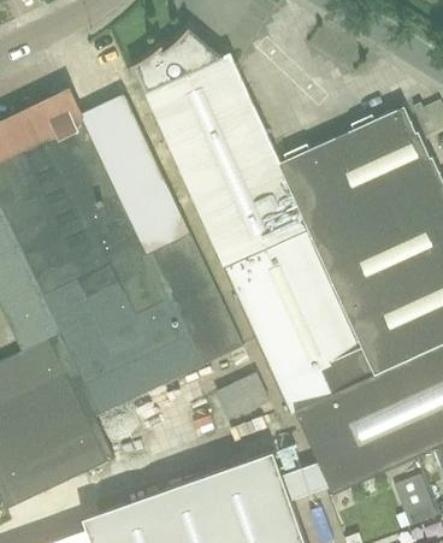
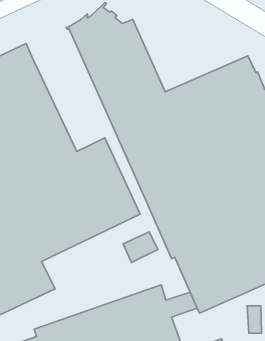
building: [81,93,189,253] -> none

